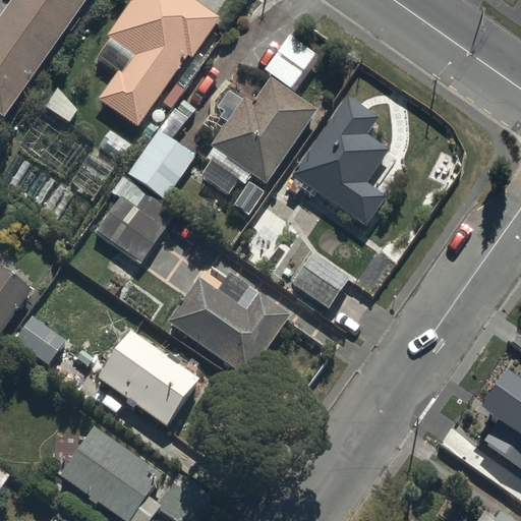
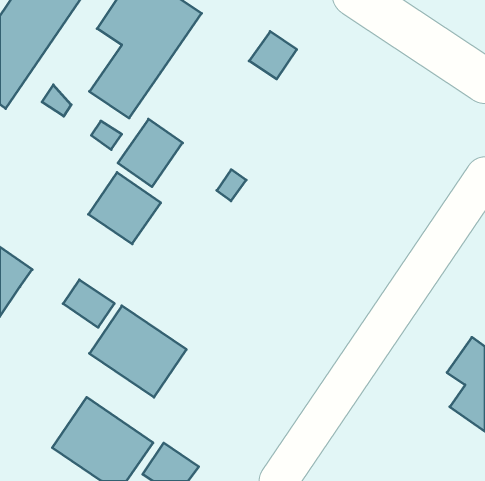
building: [208,76,317,184] -> none
building: [292,95,388,226] -> none
building: [290,247,352,309] -> none
building: [166,277,290,377] -> none
building: [14,314,69,365] -> [63,280,114,327]

